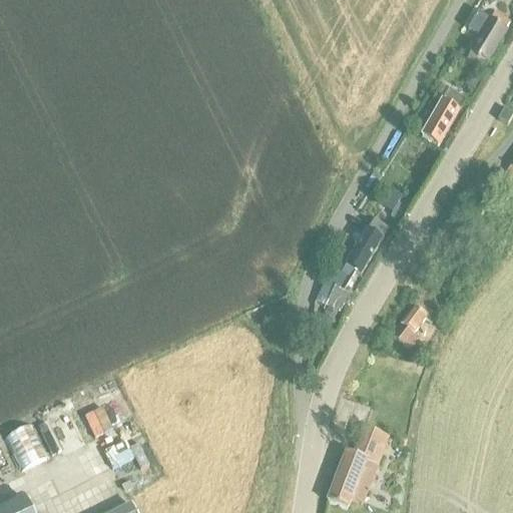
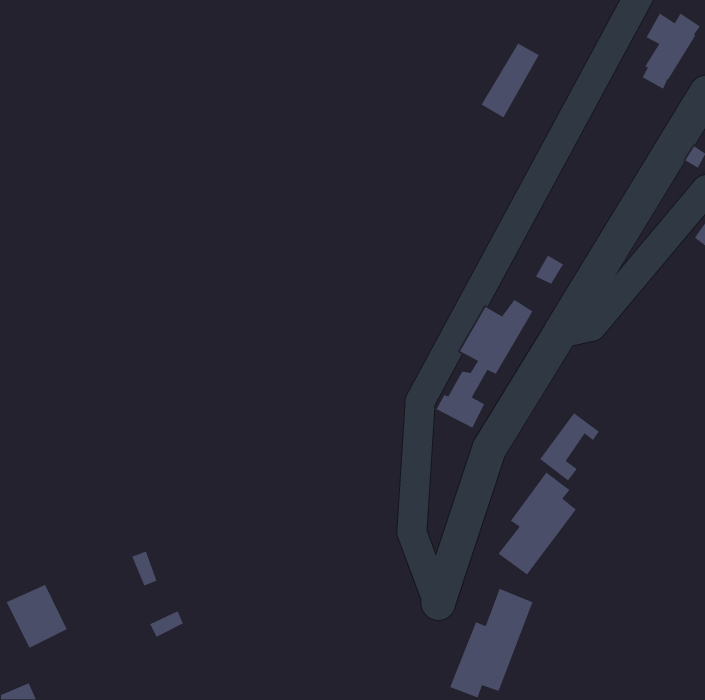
building: [422,87,465,142] -> [480,42,540,119]
building: none -> [498,472,577,575]

